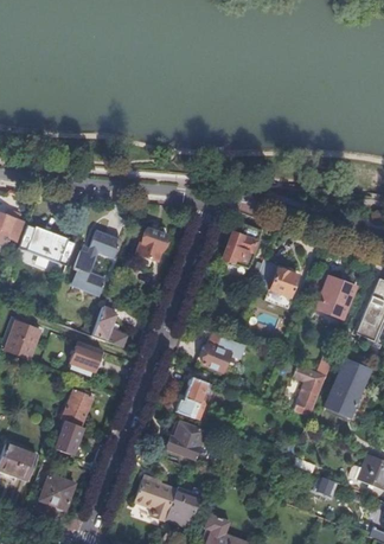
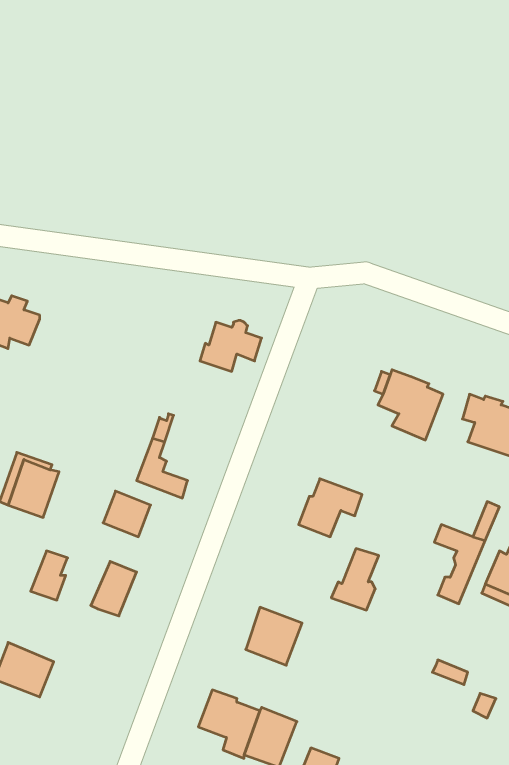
building: [222,224,261,268] -> none
building: [18,225,75,265] -> none
building: [73,231,120,290] -> none
building: [175,378,207,420] -> [331,549,379,610]
building: [56,421,81,454] -> [31,551,68,600]
building: [40,474,75,508] -> none

